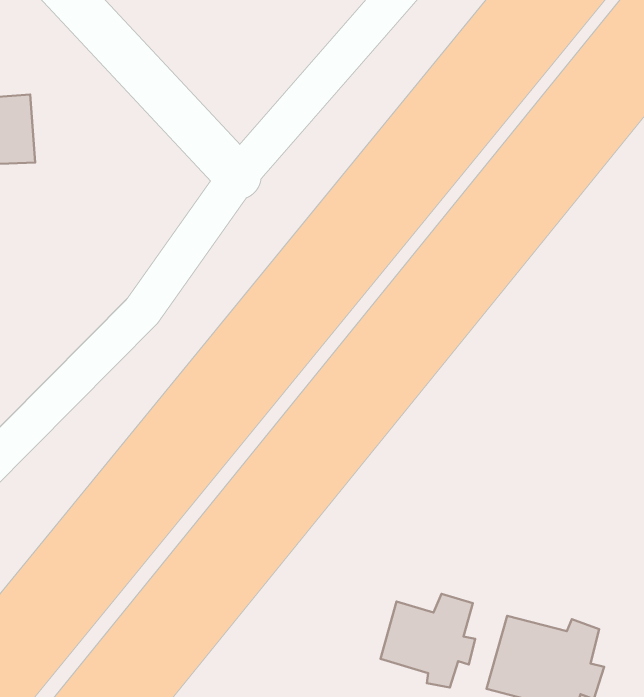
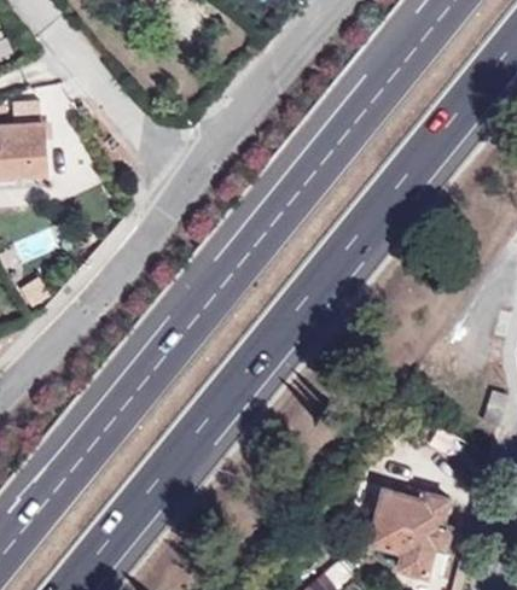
building: [381,594,475,688] -> none

